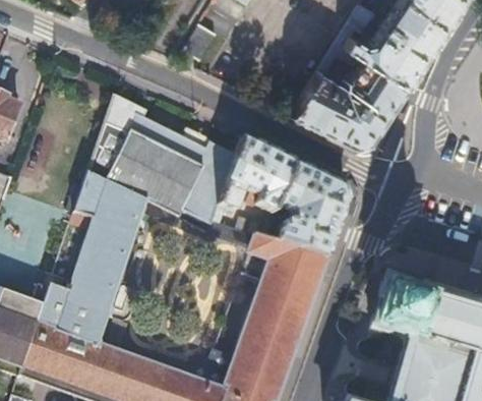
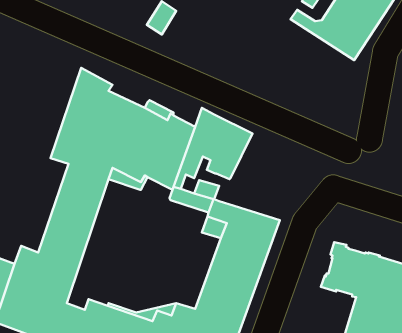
building: [290,42,406,147] -> none
building: [274,164,348,256] -> none

